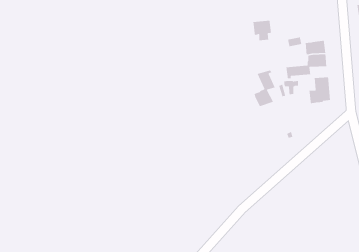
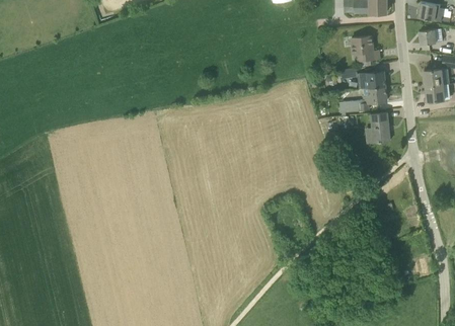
building: [252,20,272,41] -> [352,35,374,60]
building: [254,70,276,107] -> none

